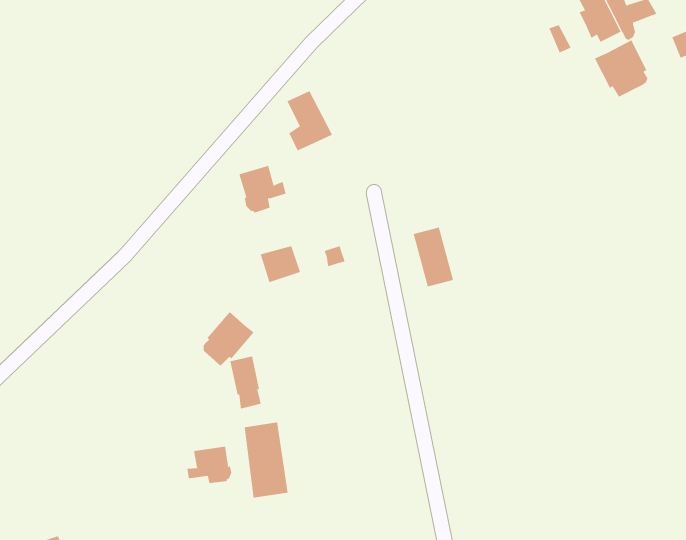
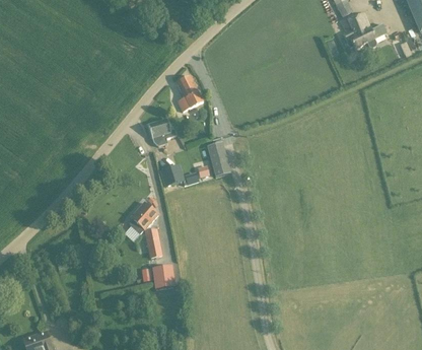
building: [594,40,648,98] -> none
building: [413,227,454,287] -> [207,141,230,176]
building: [187,446,232,484] -> none

